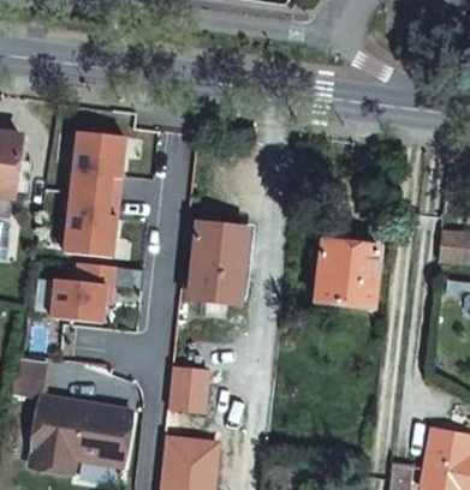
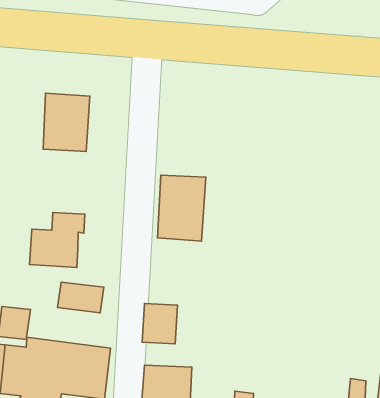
building: [65,191,118,256] -> none
building: [316,241,381,307] -> none
building: none -> [57,282,104,313]

